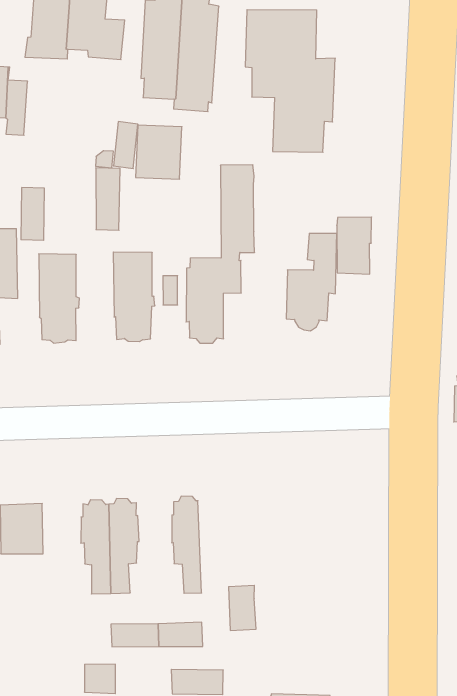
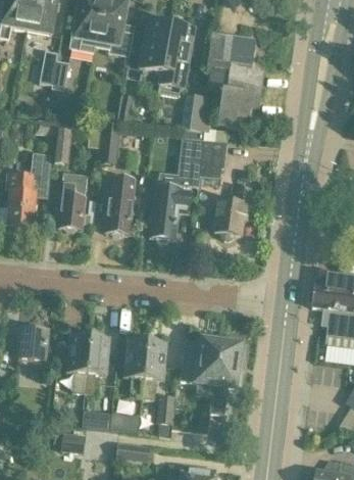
building: [136,125,182,179] -> [183,93,215,130]
building: [337,217,372,274] -> [200,138,225,176]
building: none -> [185,337,240,437]
building: none -> [142,336,164,397]

